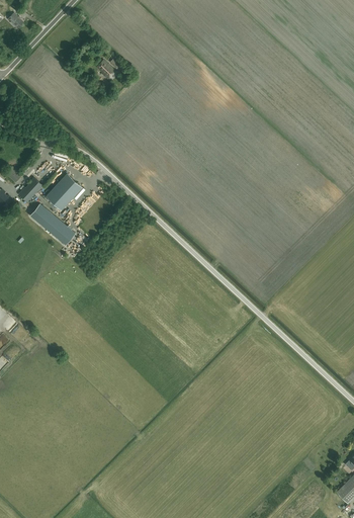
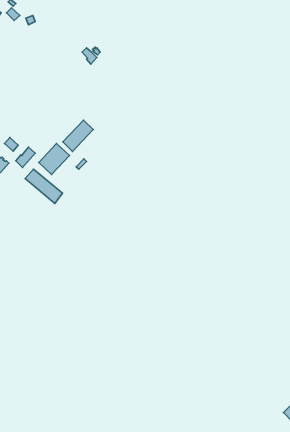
building: none -> [63,120,93,151]

